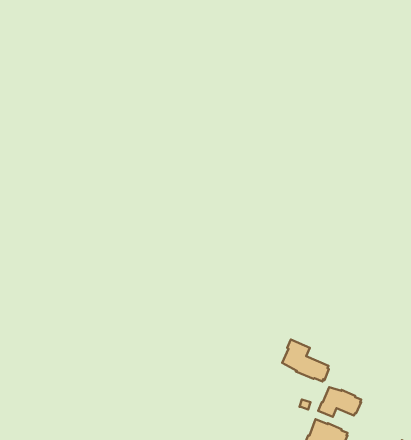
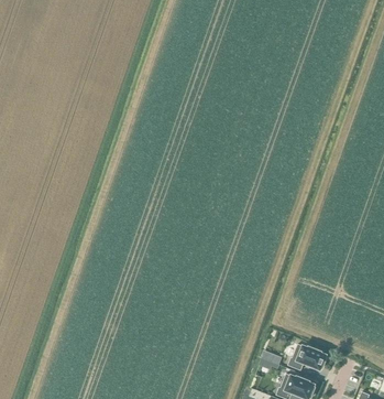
building: [282,340,329,382] -> none

